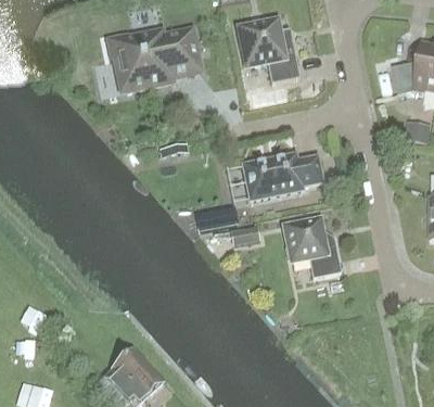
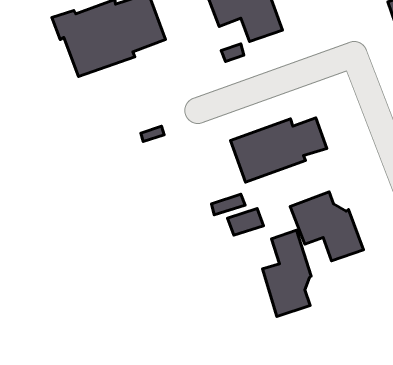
building: none -> [262,230,311,316]

